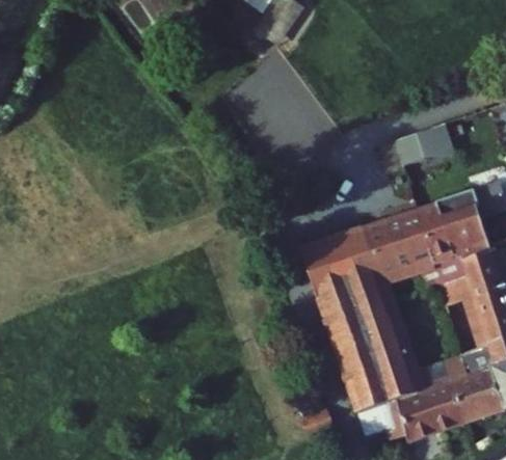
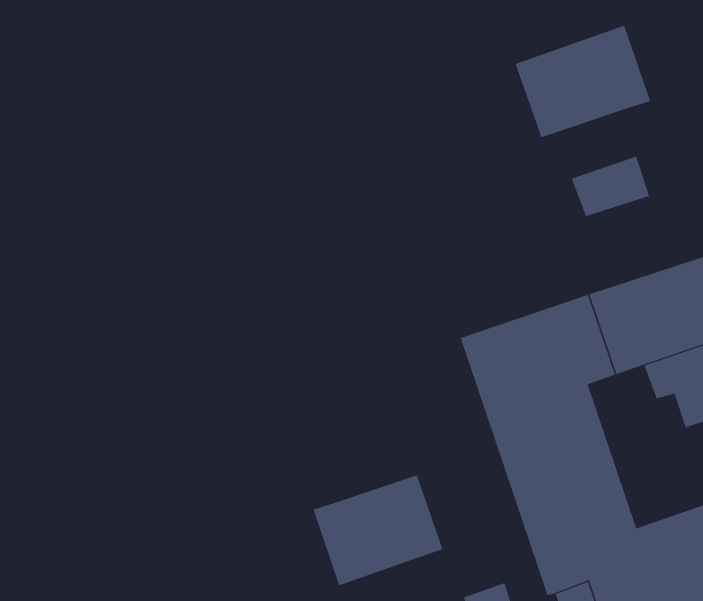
building: none -> [515,25,651,138]
building: none -> [313,475,443,586]

